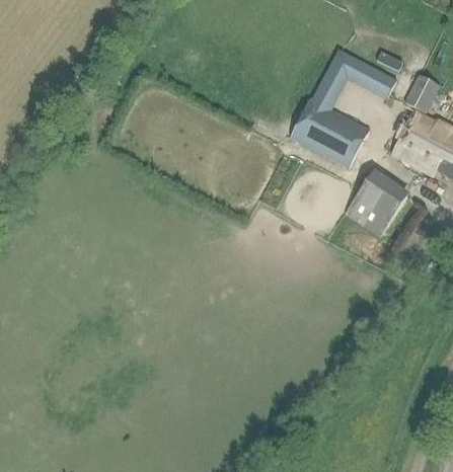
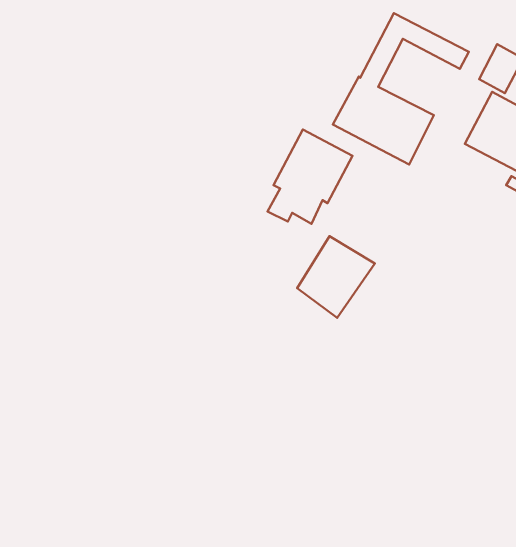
building: none -> [267,130,352,224]
building: [347,172,407,236] -> [297,236,375,318]

